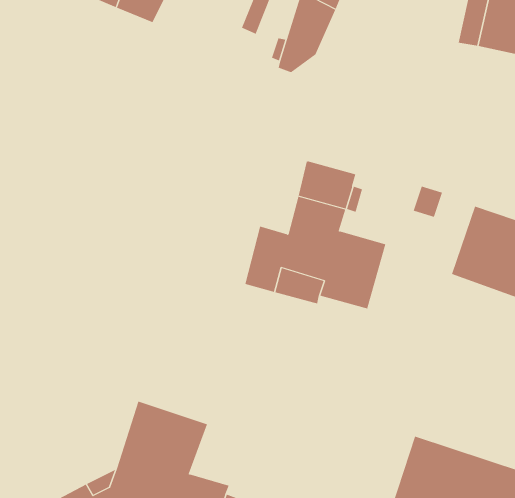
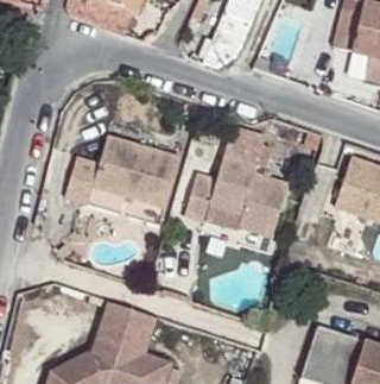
building: none -> [65,138,179,210]

